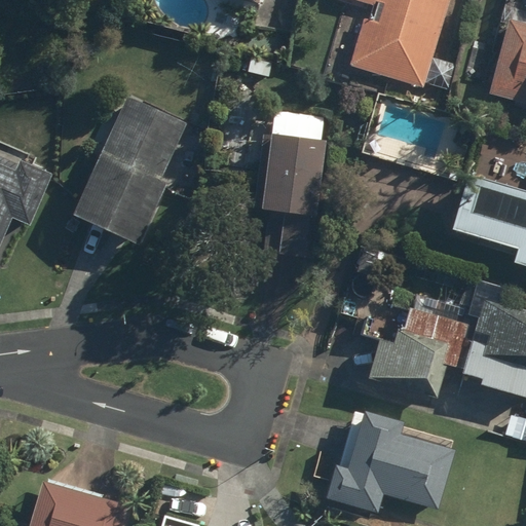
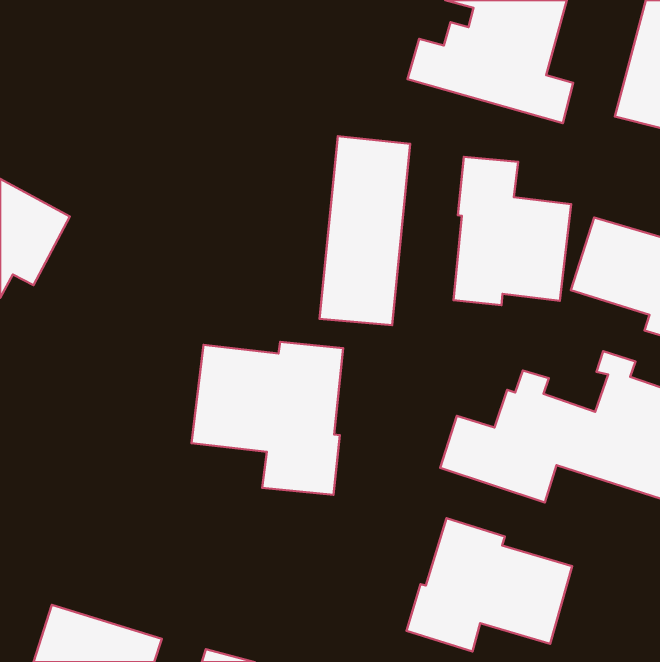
building: [72,97,185,247] -> none
building: none -> [453,157,571,305]
building: none -> [191,342,343,495]

